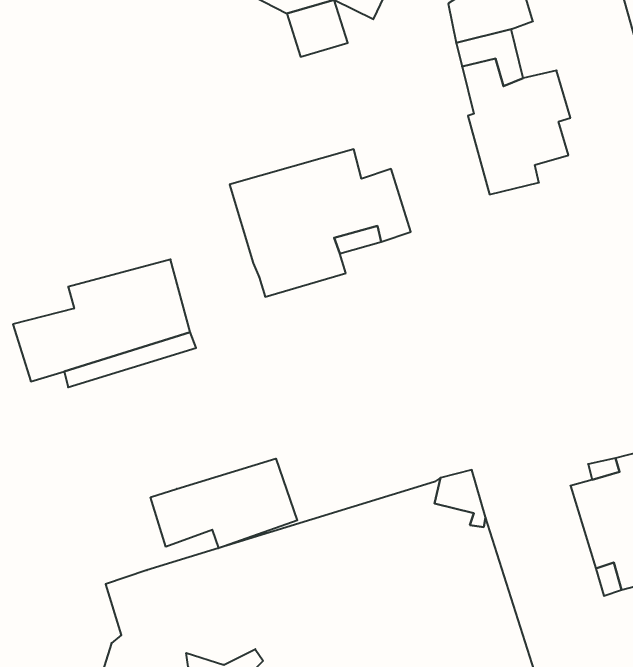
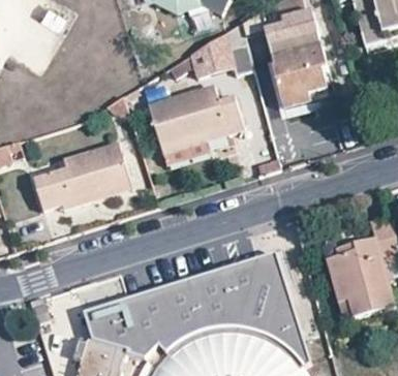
building: none -> [189,22,251,75]
building: [151,459,297,548] -> none

